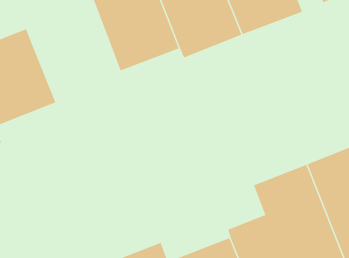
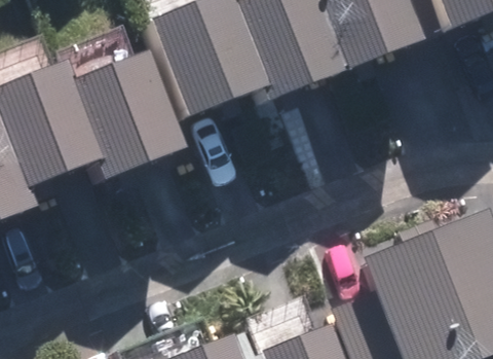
building: none -> [84,48,193,171]

